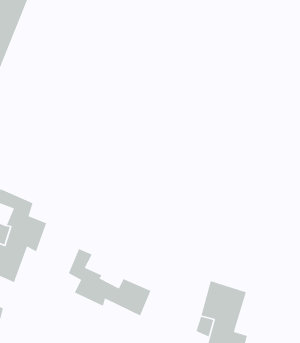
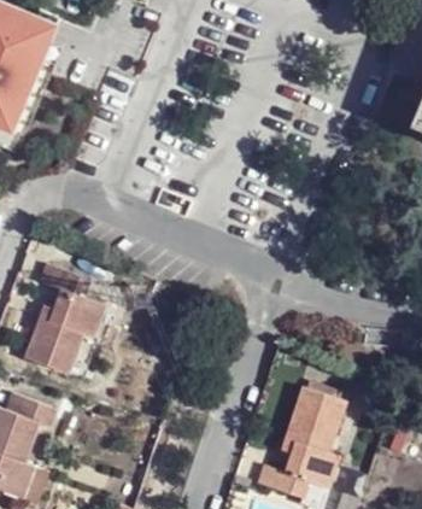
building: [68,248,152,316] -> none

